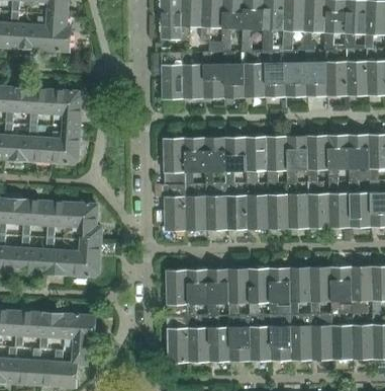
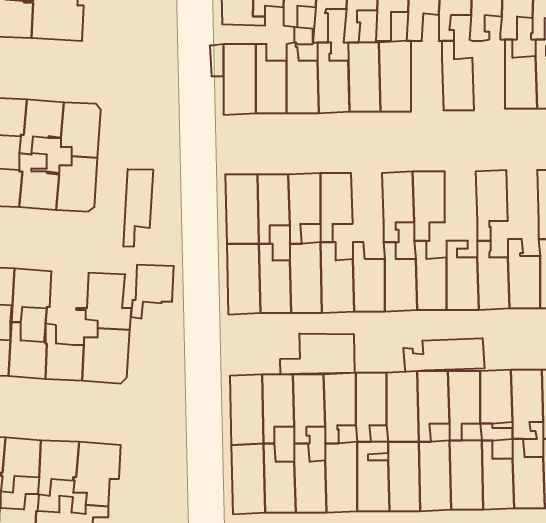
building: [325,49,347,95] -> none
building: [285,50,306,96] -> none
building: none -> [124,169,153,247]
building: [348,135,369,180] -> none
building: [307,136,328,181] -> none
building: [246,137,267,182] -> none
building: [44,202,73,237] -> [131,265,174,318]
building: none -> [280,333,355,374]
building: none -> [404,338,485,372]

